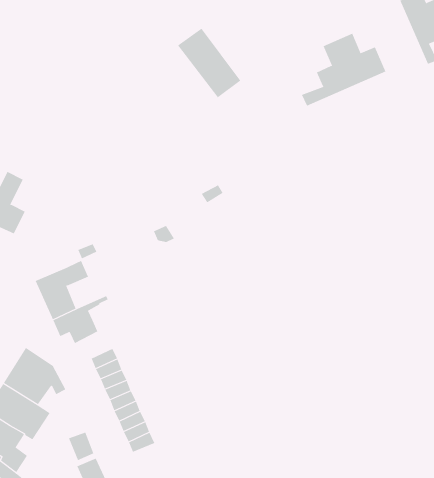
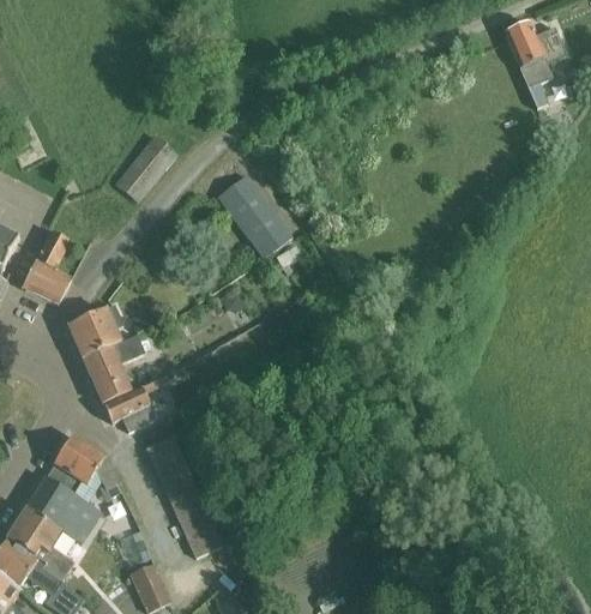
building: [177,28,241,98] -> [218,175,293,257]
building: [301,33,386,106] -> none
building: none -> [116,136,176,200]
building: none -> [68,305,123,357]

